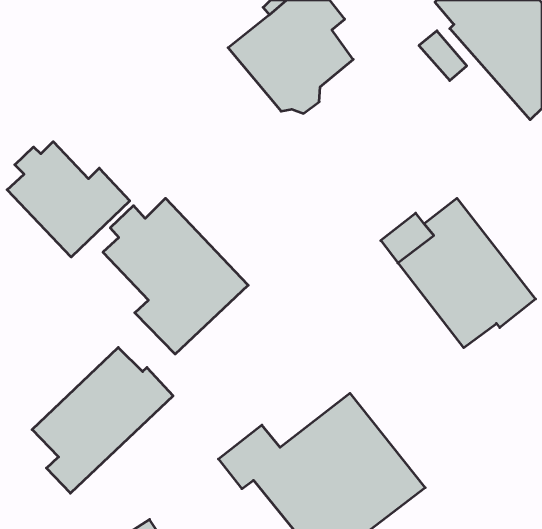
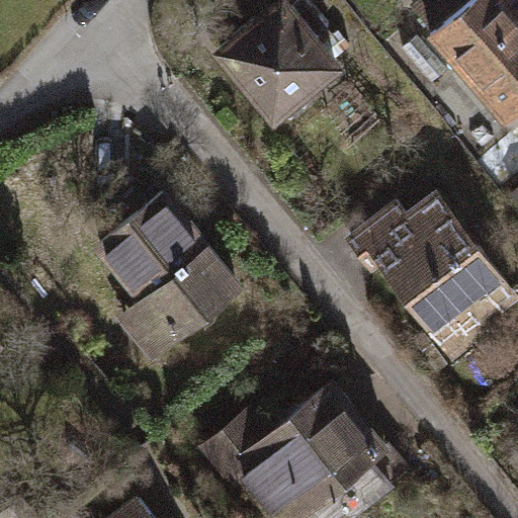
building: [7,142,130,257] -> none
building: [32,347,173,493] -> none

